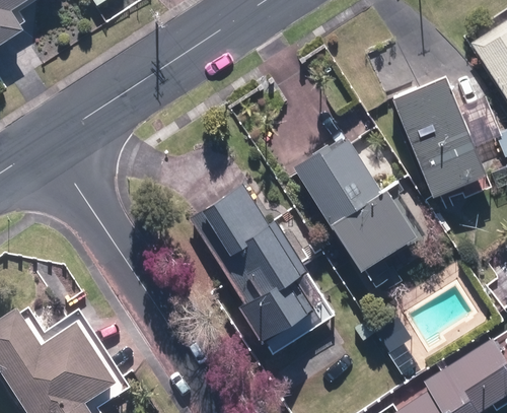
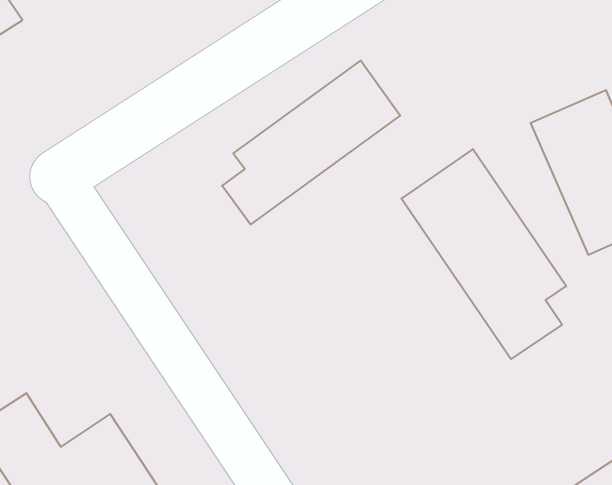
building: none -> [222,60,400,224]
building: [188,186,313,337] -> none

